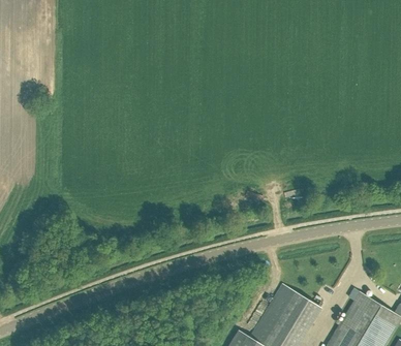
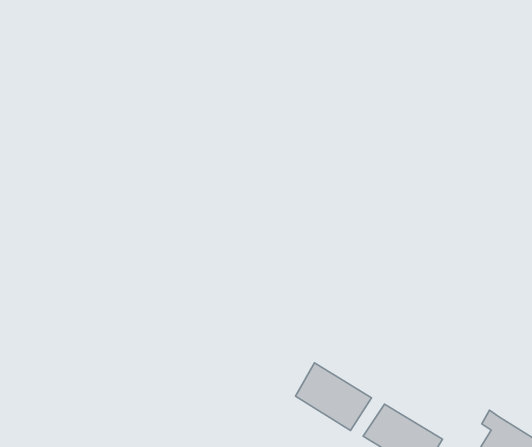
building: none -> [296,363,371,430]

